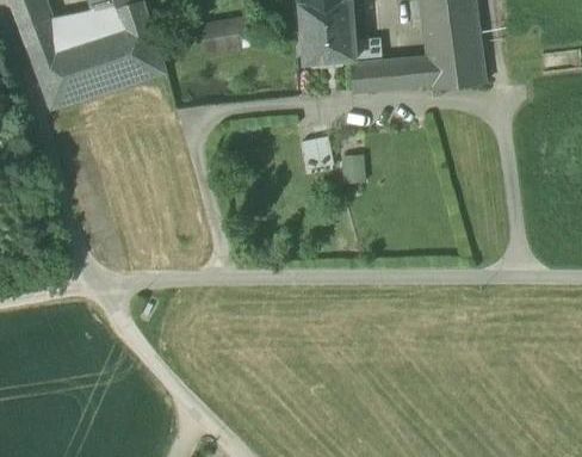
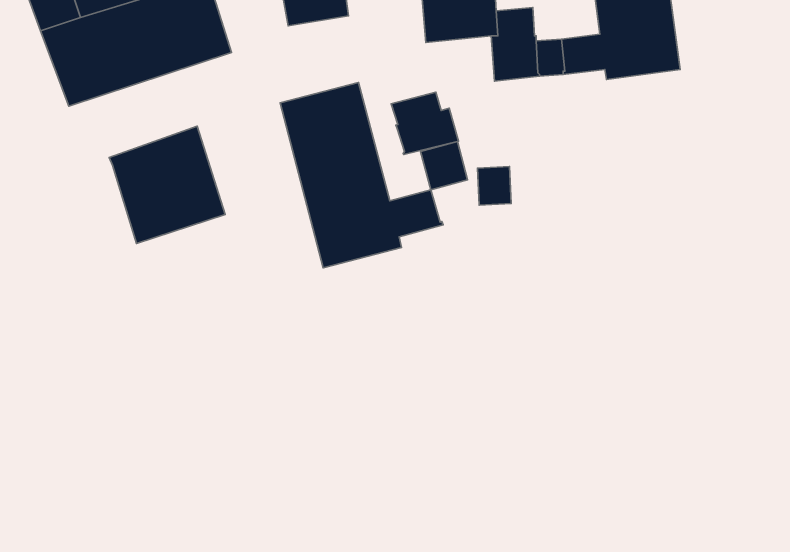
building: none -> [280,82,443,268]
building: none -> [391,92,459,155]
building: none -> [109,126,225,244]

